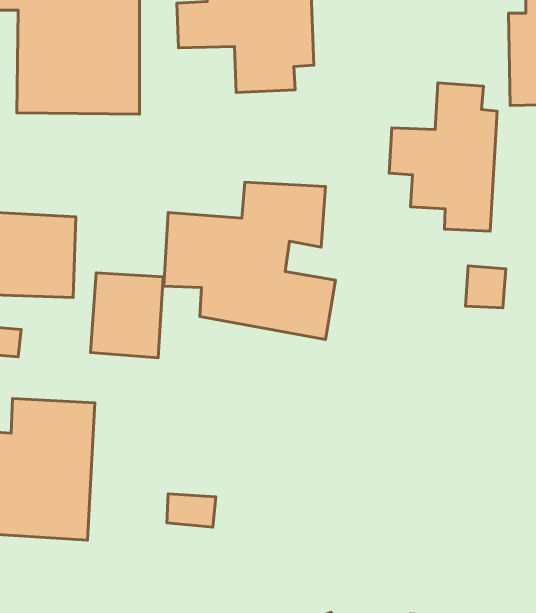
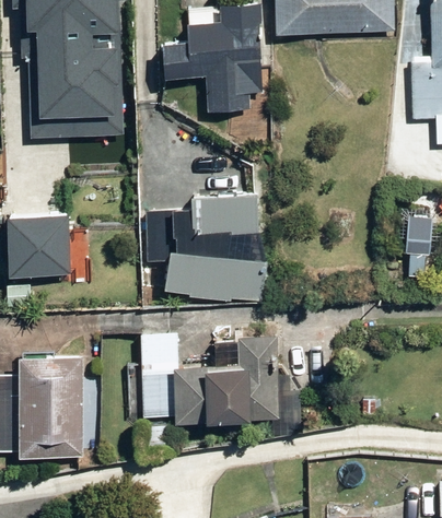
building: [389,83,497,231] -> none
building: [90,273,163,358] -> none
building: none -> [130,331,291,428]

